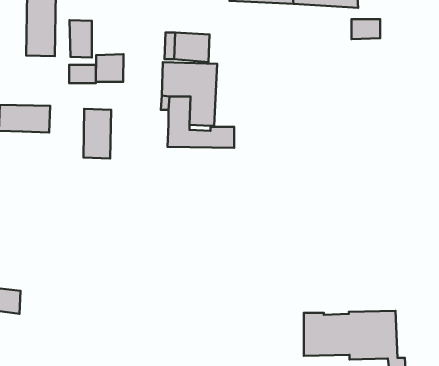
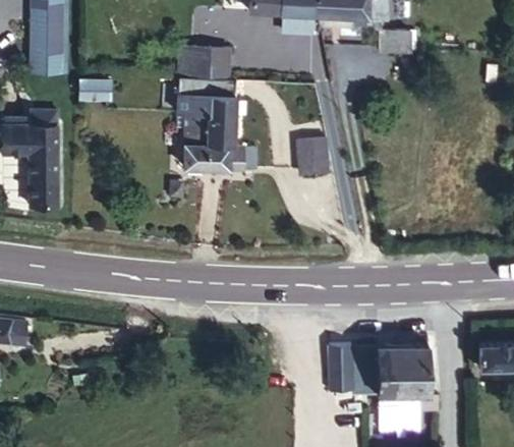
building: [70,20,92,57] -> none
building: [96,54,124,82] -> none
building: [83,109,111,158] -> [28,153,58,206]
building: none -> [298,139,328,174]

